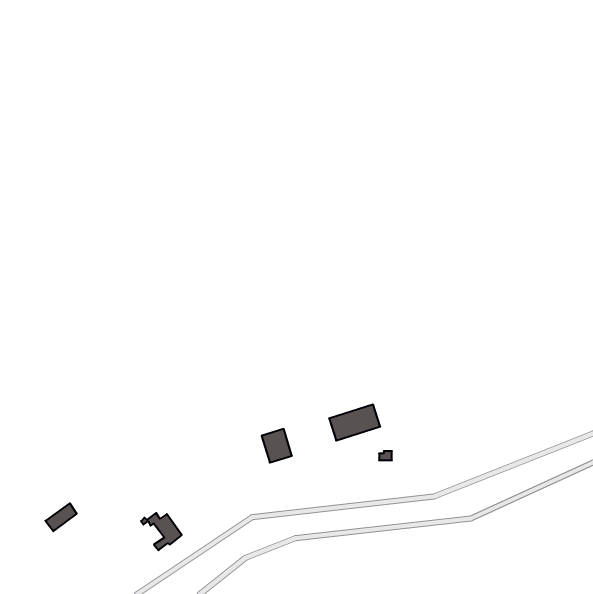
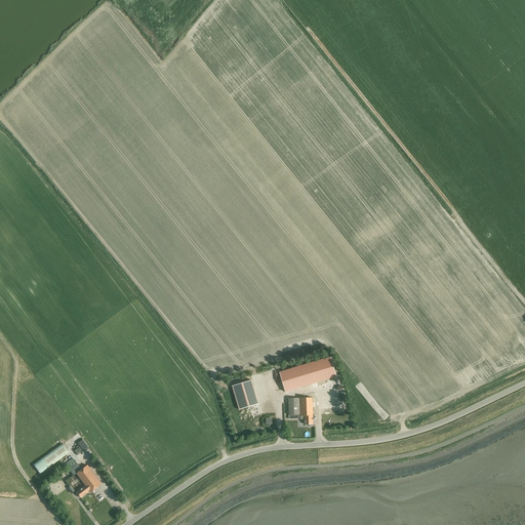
building: none -> [287,398,312,425]
building: [141,513,182,550] -> [64,465,99,497]

